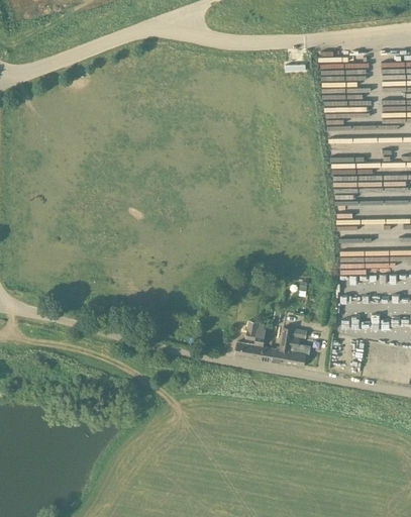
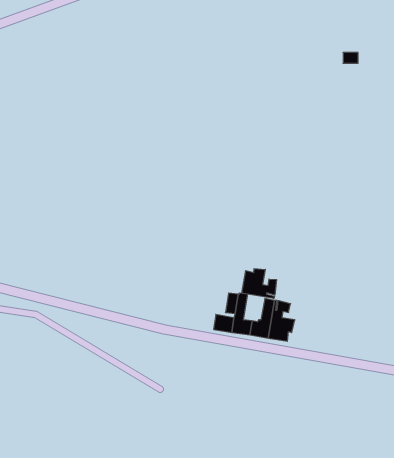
building: none -> [242,269,277,299]

